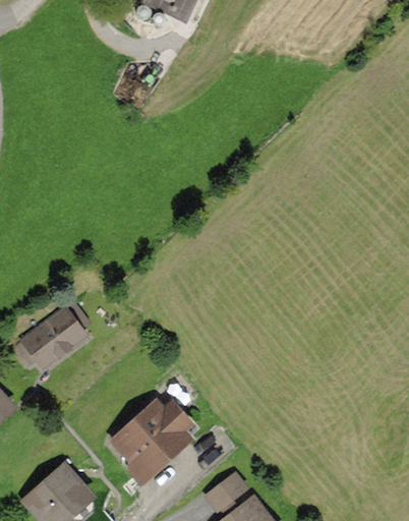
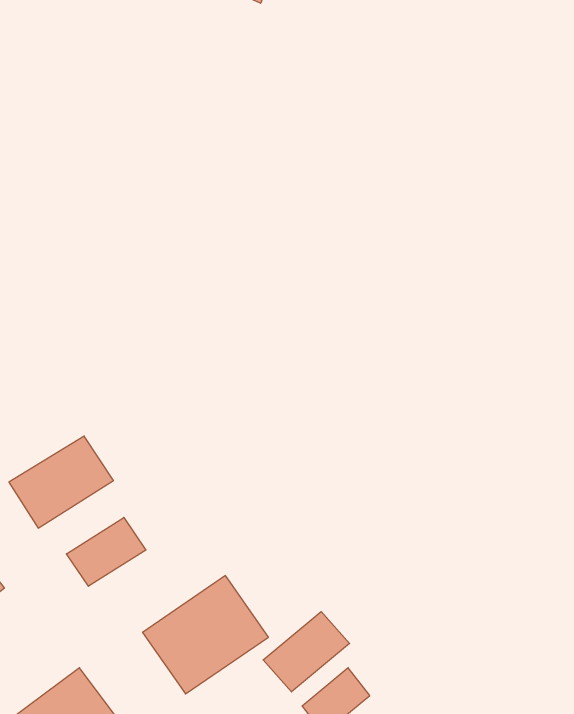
building: none -> [66,517,146,586]
building: none -> [263,612,350,692]

